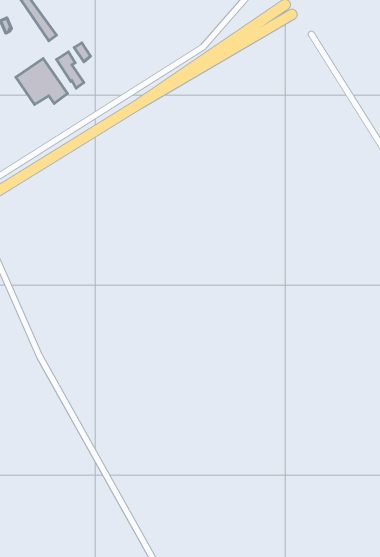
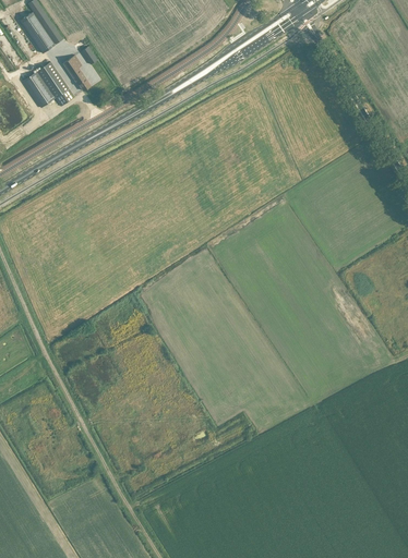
building: none -> [17,11,53,52]

